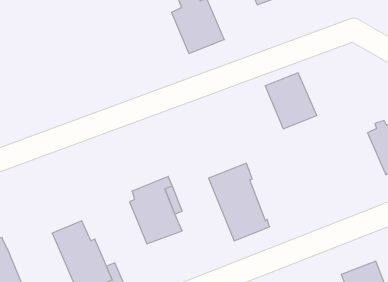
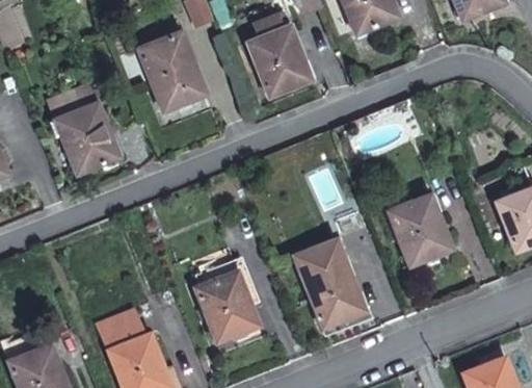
building: none -> [142,42,207,111]
building: none -> [47,84,118,173]
building: [265,73,317,129] -> [388,191,453,262]

